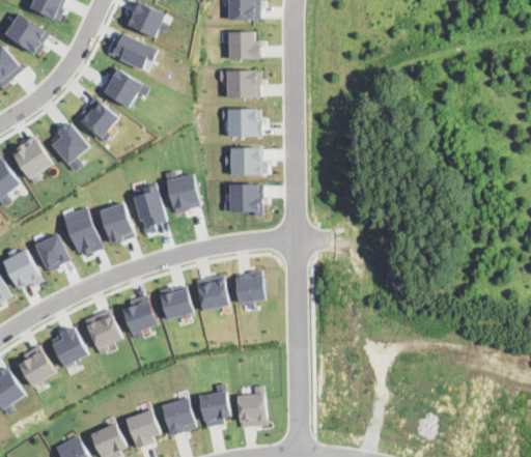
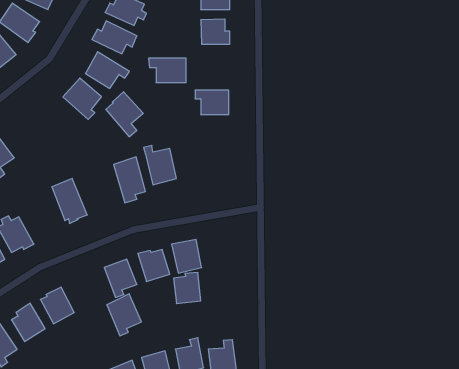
building: [218,70,259,97] -> [149,58,186,83]
building: [48,122,89,172] -> [106,92,143,137]
building: [10,136,52,184] -> none
building: [224,147,266,176] -> none
building: [223,184,261,217] -> none
building: [99,201,134,244] -> none
building: [34,234,69,273] -> none
building: [234,269,264,304] -> [174,273,201,304]
building: [84,308,122,354] -> [107,294,141,336]

